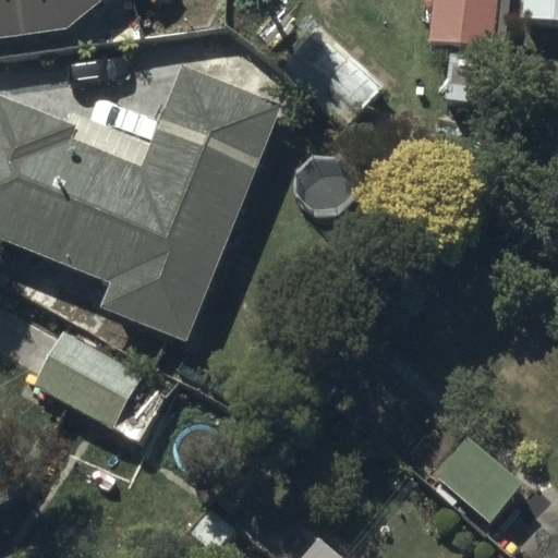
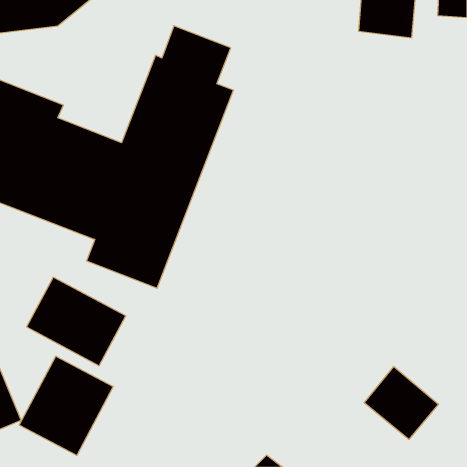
building: none -> [19,356,113,455]

